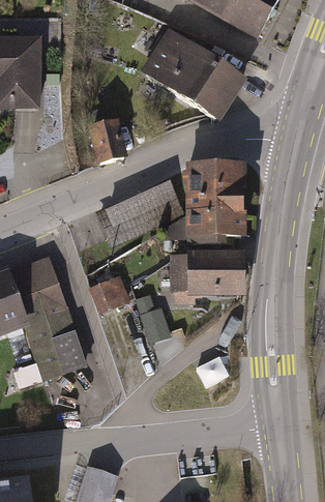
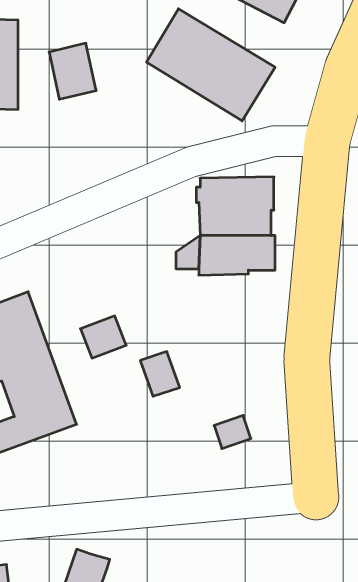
building: [91,117,129,163] -> [49,43,96,99]
building: [95,179,181,243] -> none
building: [169,248,245,294] -> none

